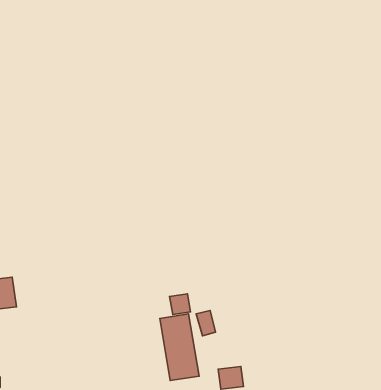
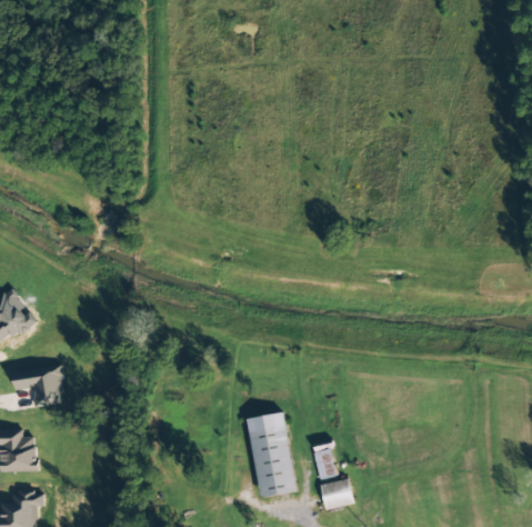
building: [170,294,191,315] -> none
building: [196,310,216,336] -> [312,448,337,480]

